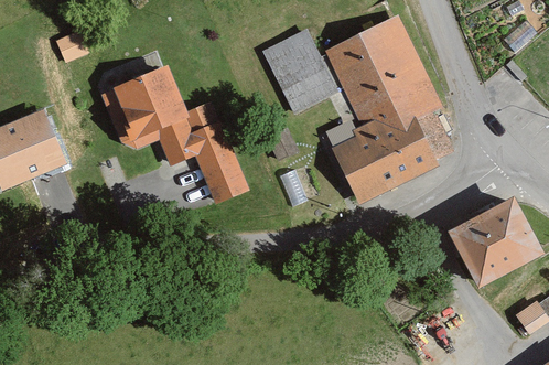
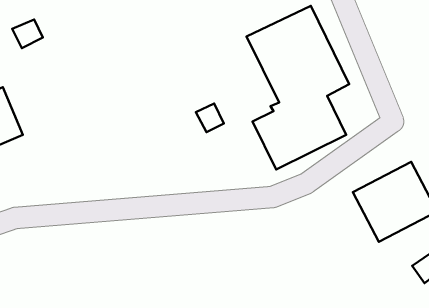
building: [262,29,340,115] -> none
building: [101,64,250,205] -> none

